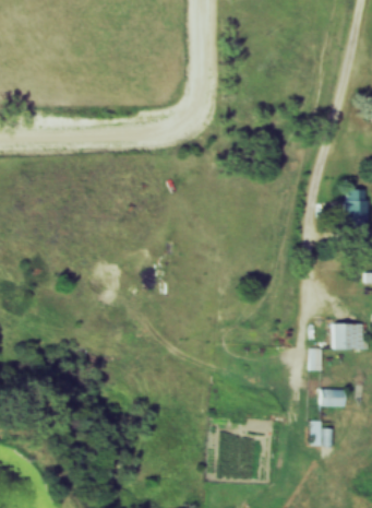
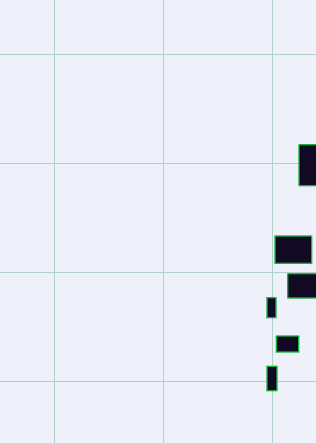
building: none -> [275,236,311,264]

